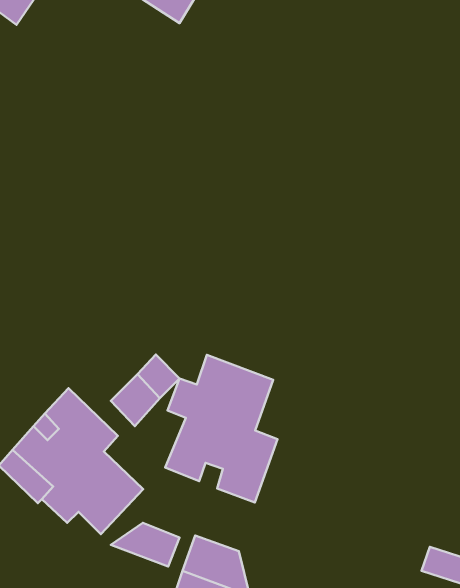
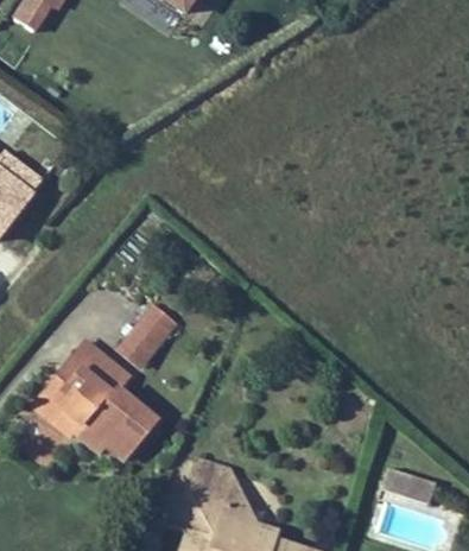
building: [165,355,277,503] -> none
building: [111,523,180,566] -> none

